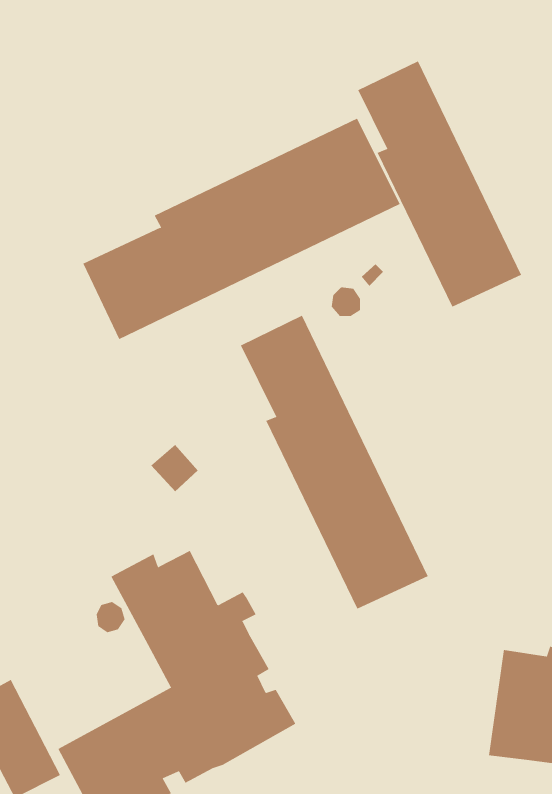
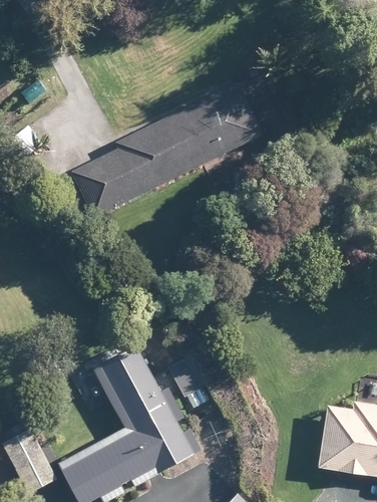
building: [357,60,522,308] -> none
building: [240,315,428,609] -> none

